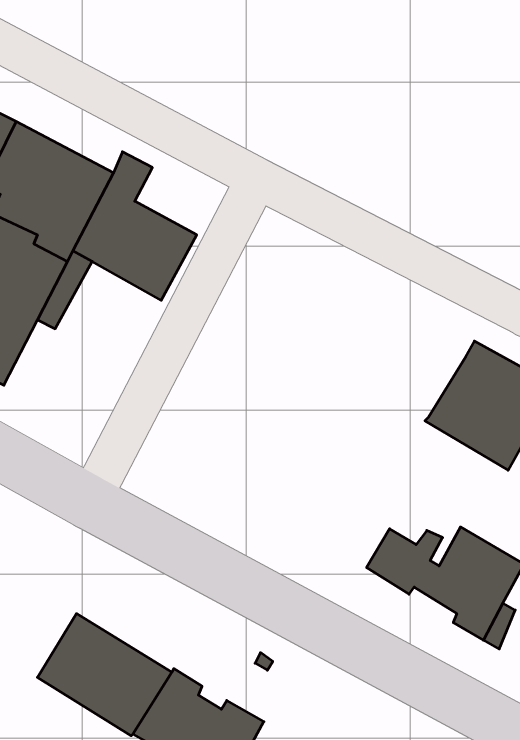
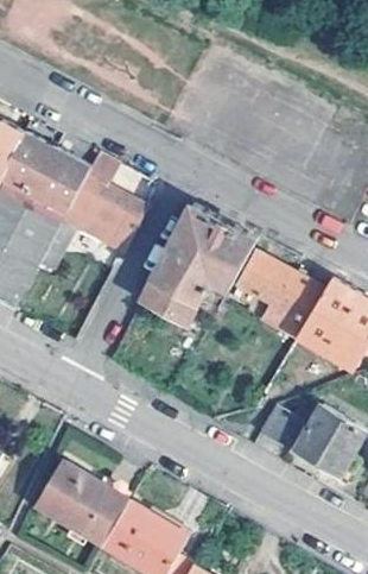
building: none -> [133,204,255,326]
building: none -> [239,252,325,330]

